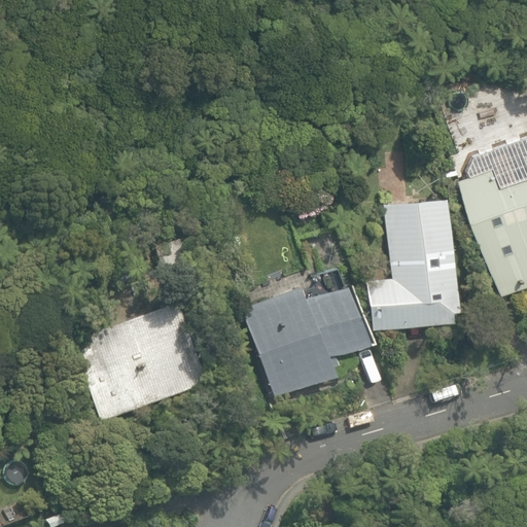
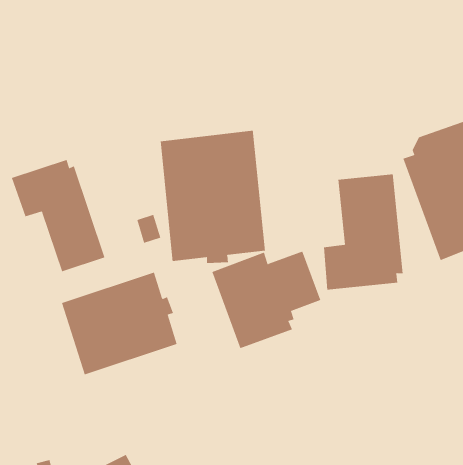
building: none -> [160,130,265,264]
building: none -> [11,159,105,272]

